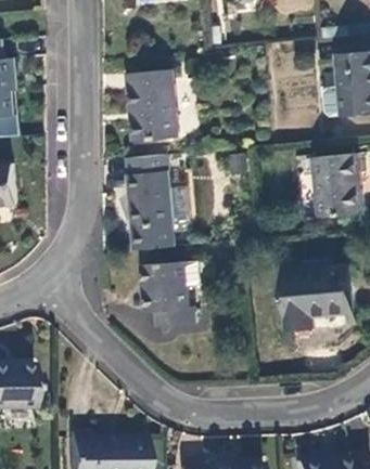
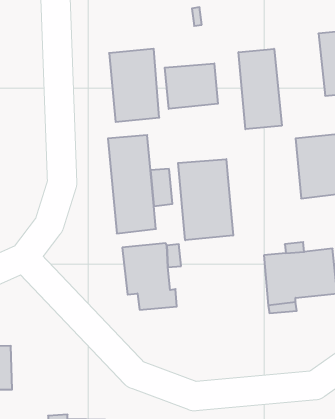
building: none -> [239,49,282,129]
building: none -> [165,63,218,109]
building: none -> [178,159,233,240]

